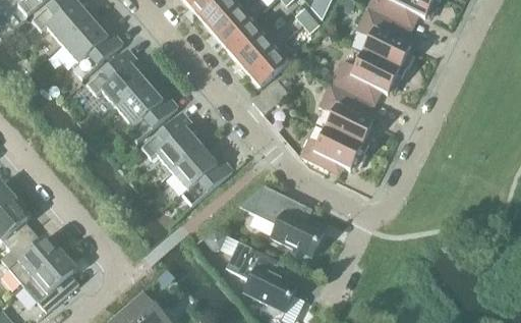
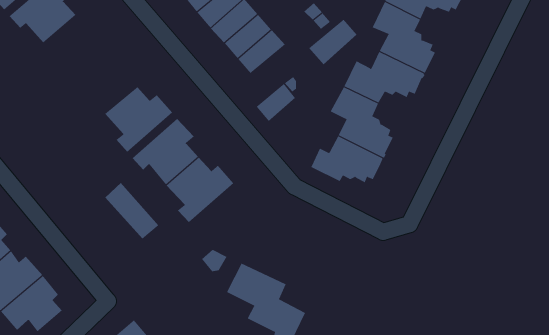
building: [61,18,122,77] -> none
building: [246,45,290,87] -> [309,19,357,65]
building: [85,48,146,107] -> none
building: none -> [104,182,159,240]
building: [238,184,324,258] -> none

